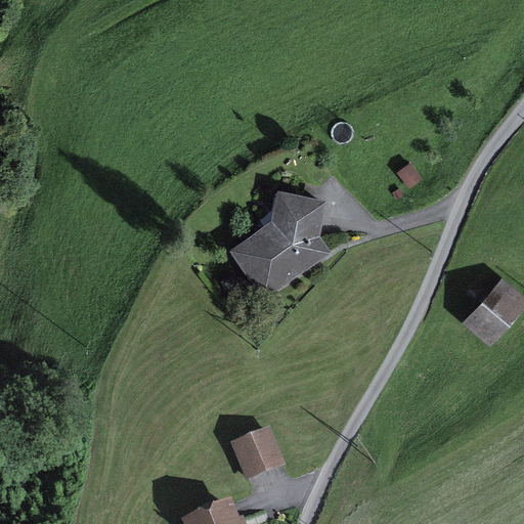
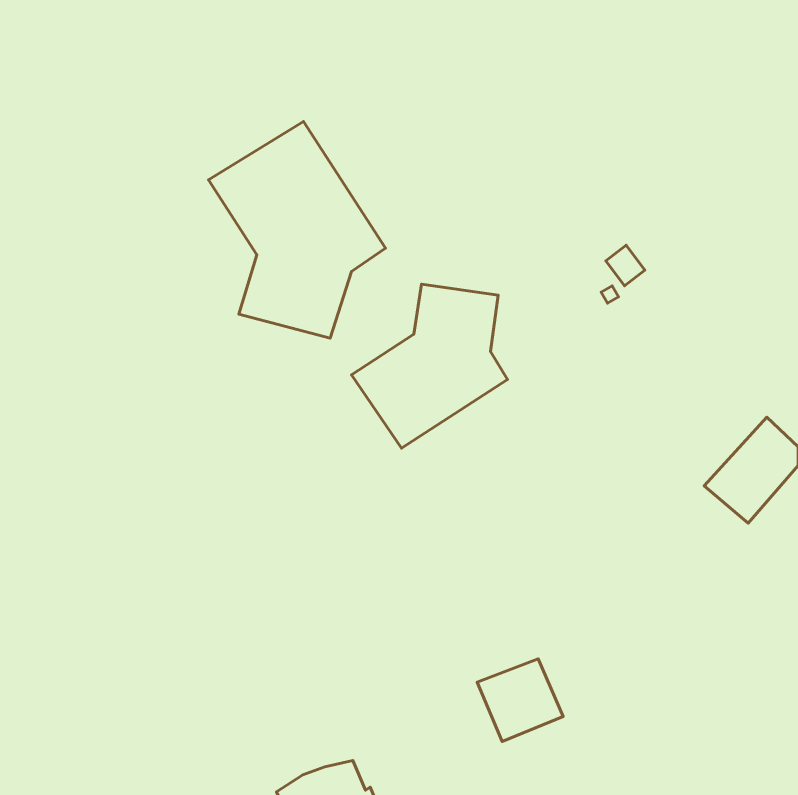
building: none -> [209,121,386,338]
building: [230,429,287,483] -> [477,659,563,742]

